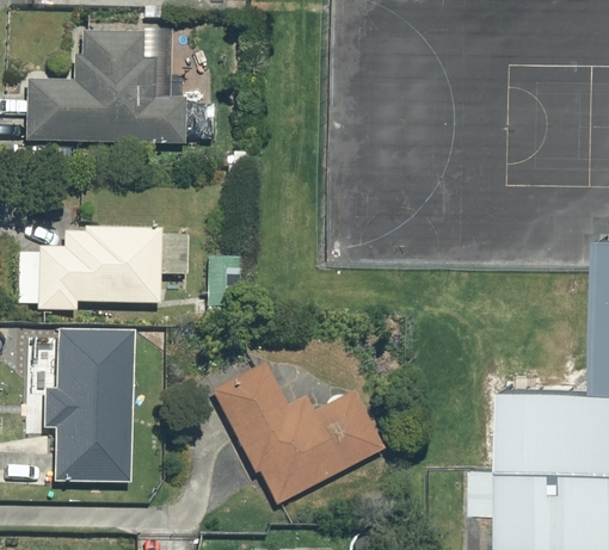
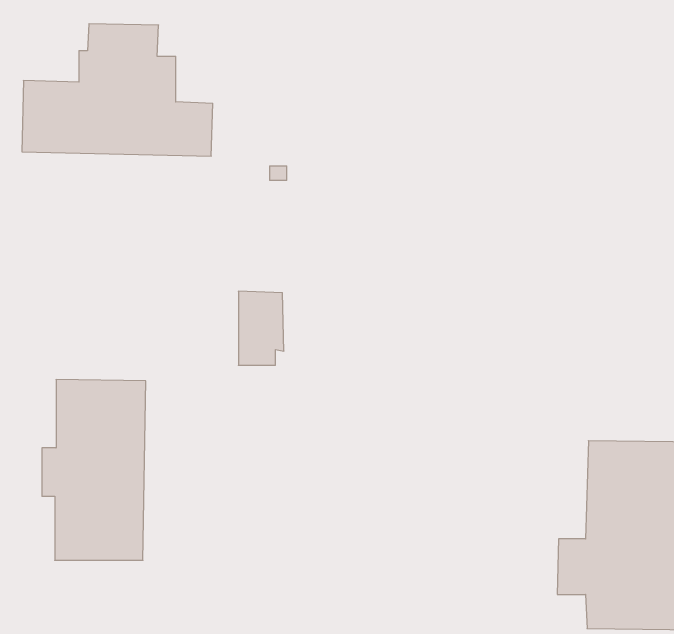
building: [38,225,162,310] -> none
building: [211,361,385,503] -> none

